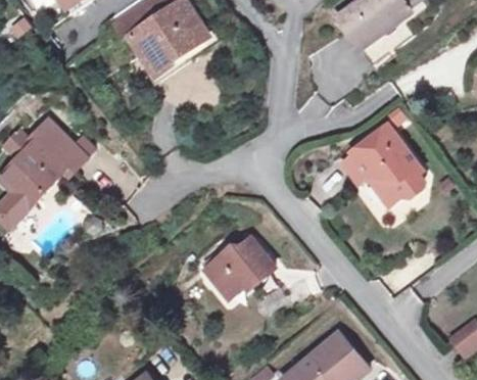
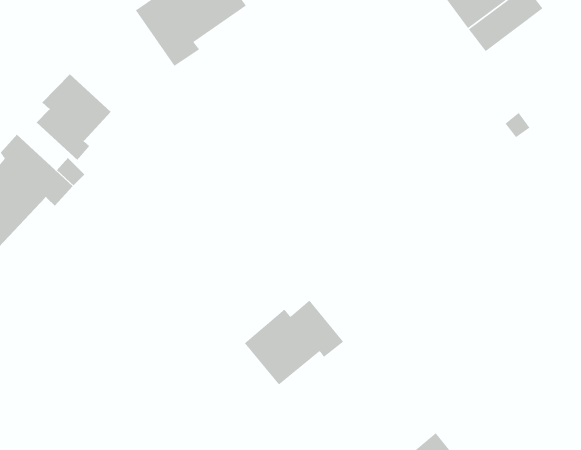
building: none -> [36,73,111,161]
building: [341,123,422,203] -> none

